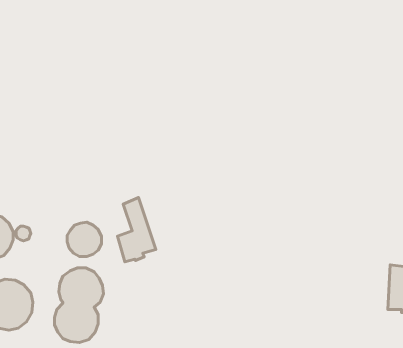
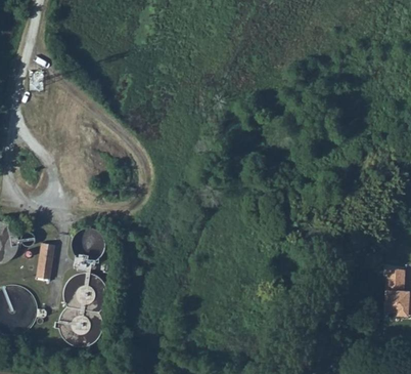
building: [117,197,156,262] -> none
building: none -> [35,242,57,281]

